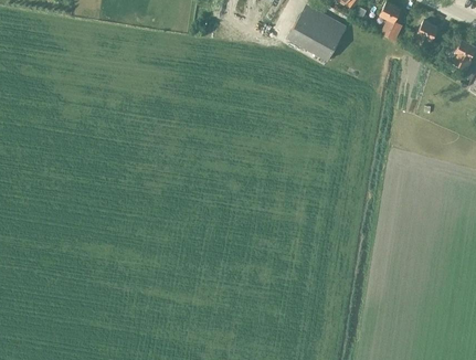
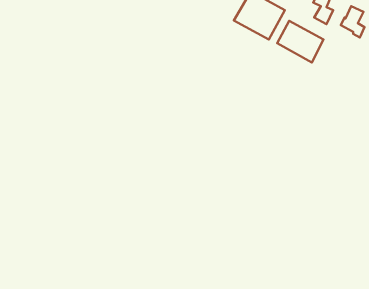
building: none -> [277,21,324,63]

